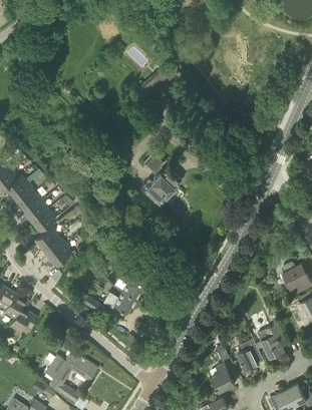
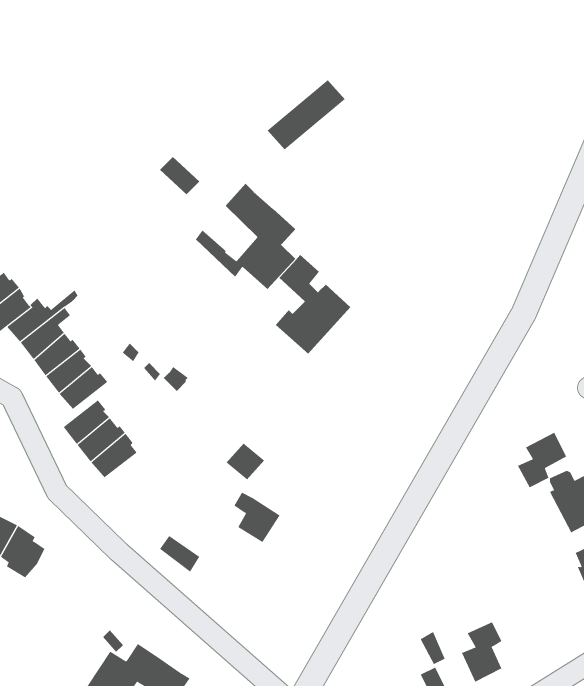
building: none -> [195,183,296,290]
building: none -> [517,432,567,488]
building: [103,292,135,314] -> none
building: [10,311,37,334] -> none
building: [261,324,284,359] -> none

